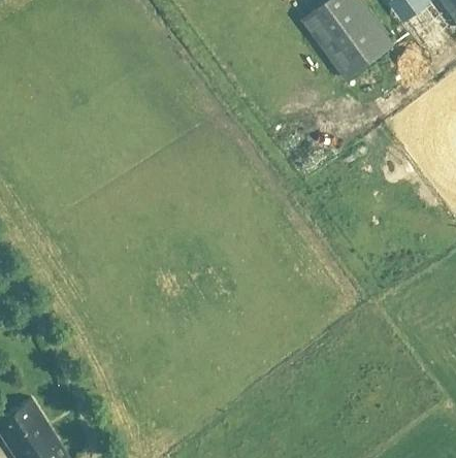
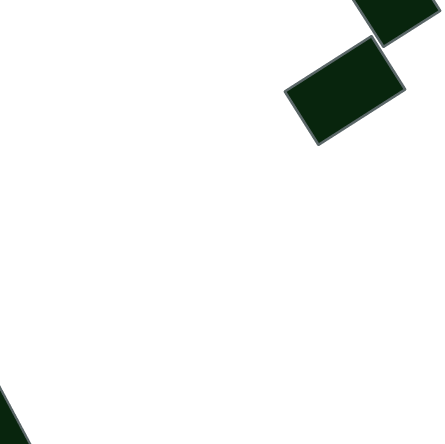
building: none -> [285,36,405,145]

